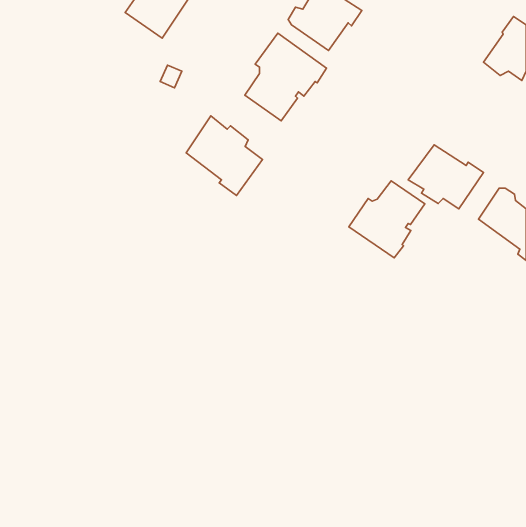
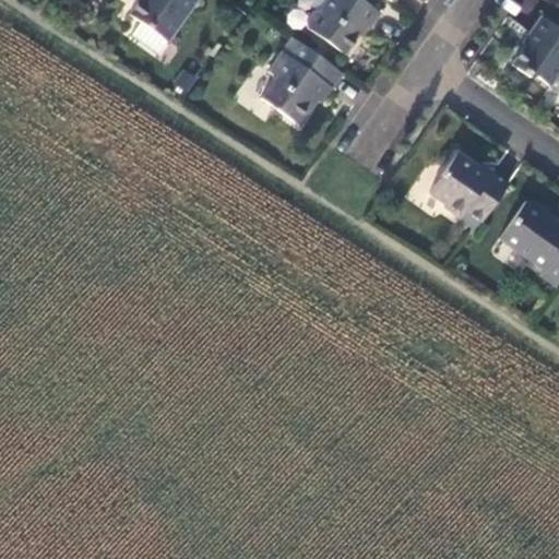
building: [186,116,263,196] -> none
building: [349,181,425,258] -> none

